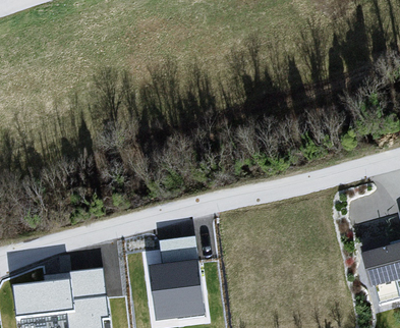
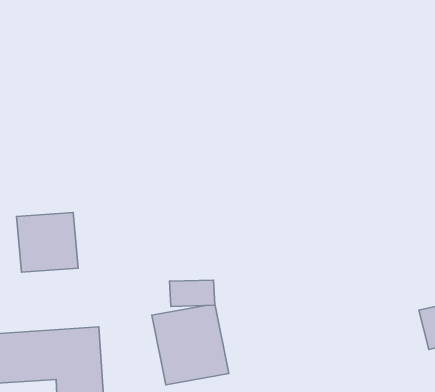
building: none -> [17,212,78,272]

